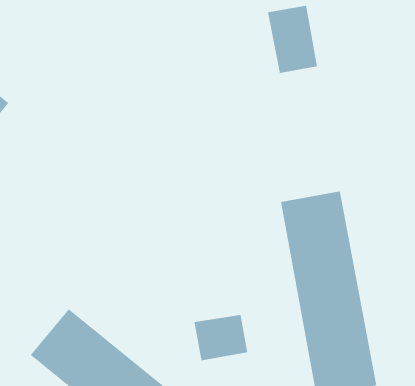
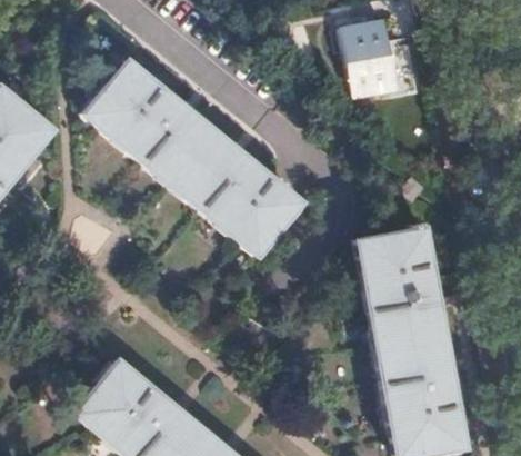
building: none -> [84,60,301,256]
building: [194,314,248,361] -> none

